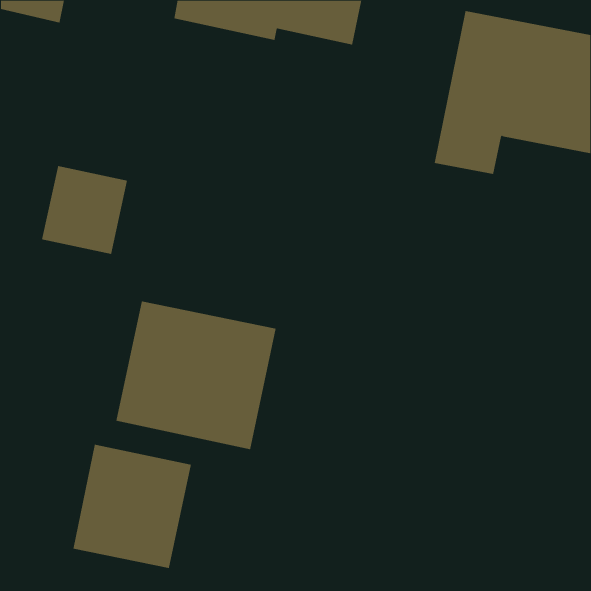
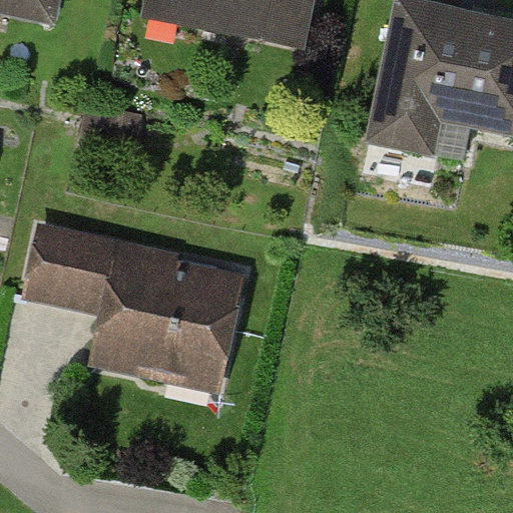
building: [41,166,128,255] -> [31,234,106,312]
building: [73,444,191,569] -> none

